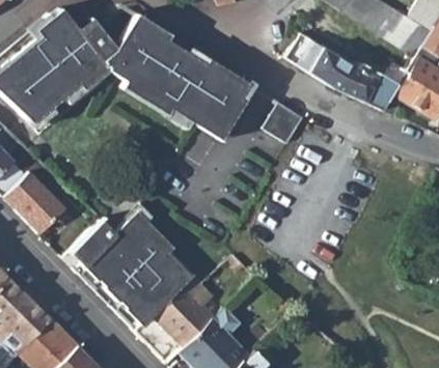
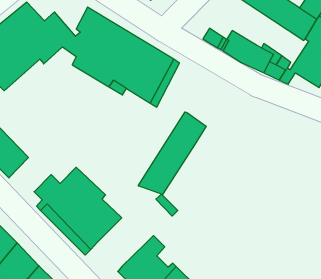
building: [263,103,303,144] -> none
building: none -> [138,112,206,195]
building: [147,274,213,352] -> none

